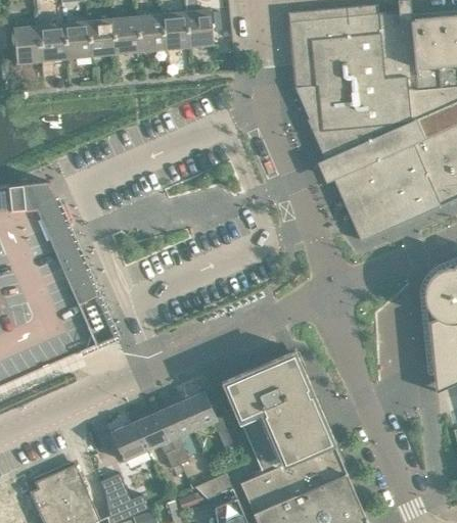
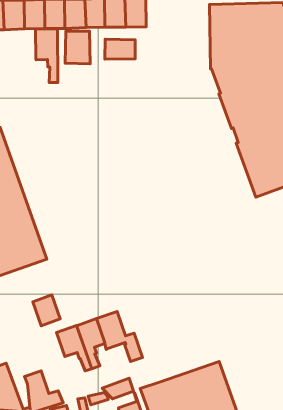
building: none -> [35,29,58,82]
building: none -> [65,31,90,64]
building: none -> [105,39,135,59]
building: [224,352,333,474] -> none
building: [111,423,146,462] -> [33,295,60,326]

